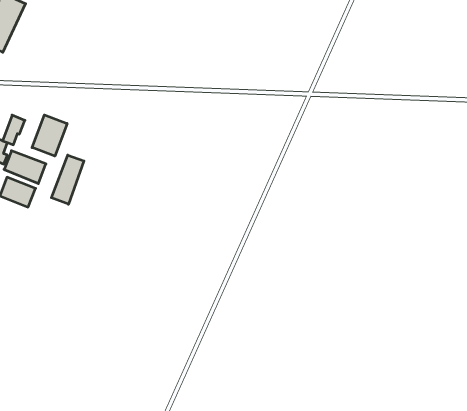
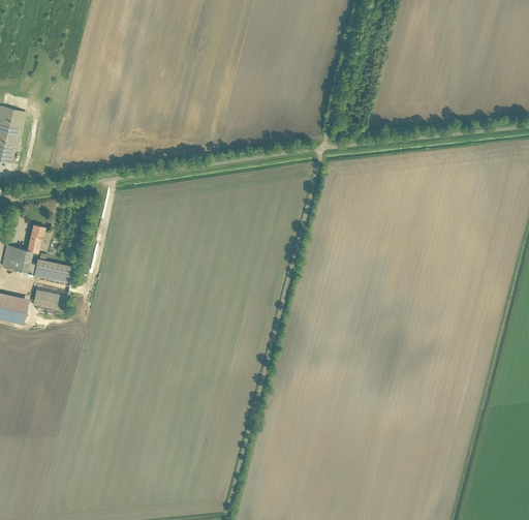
building: [32,115,67,156] -> none
building: [51,155,84,204] -> none

